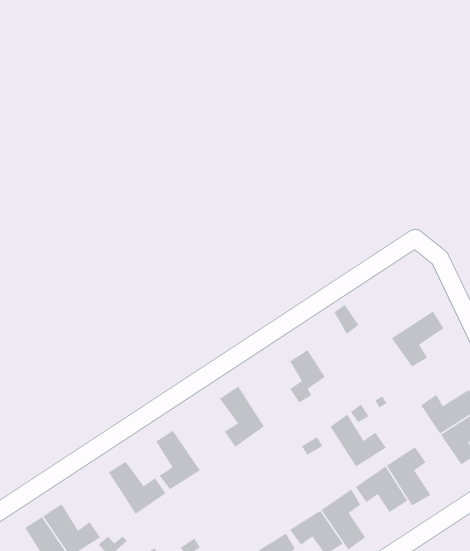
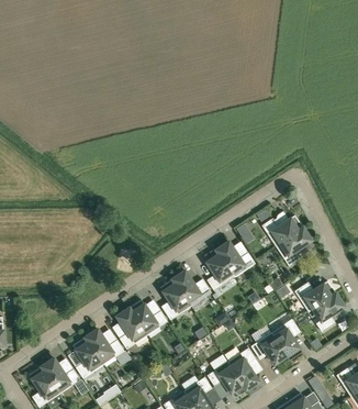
building: none -> [261,211,303,246]
building: none -> [172,270,211,306]
building: [330,414,387,467] -> [216,241,255,277]
building: none -> [128,299,167,335]
building: none -> [72,336,103,378]

